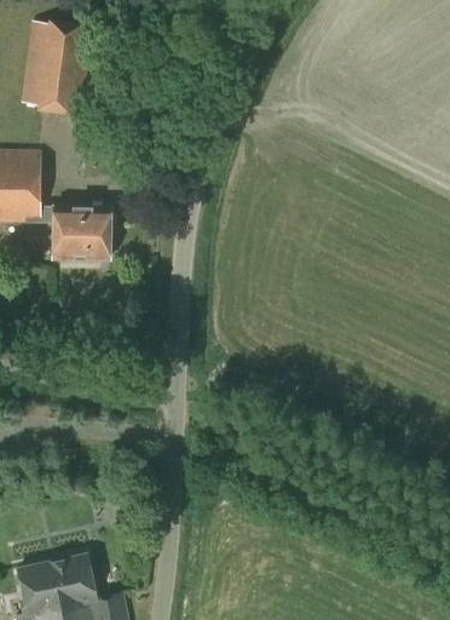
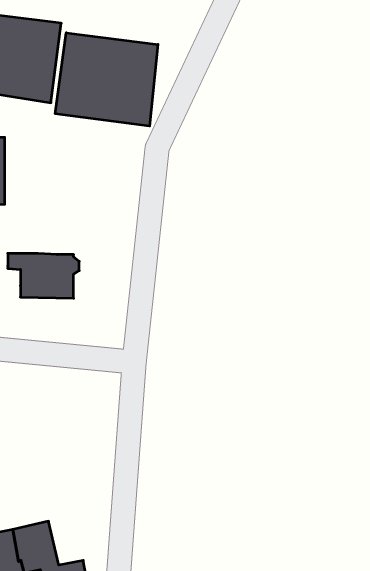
building: none -> [55,33,158,126]
building: [40,207,115,254] -> [8,253,79,298]

